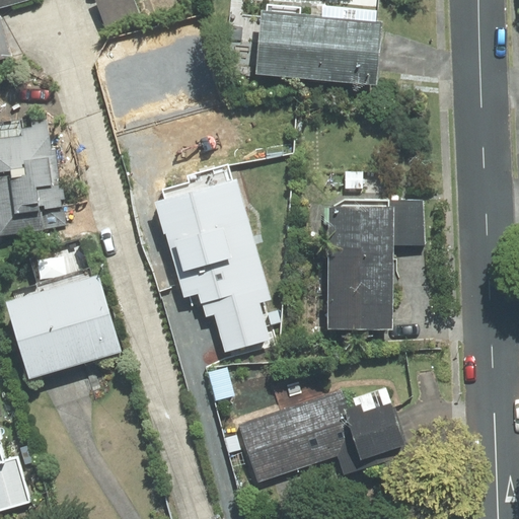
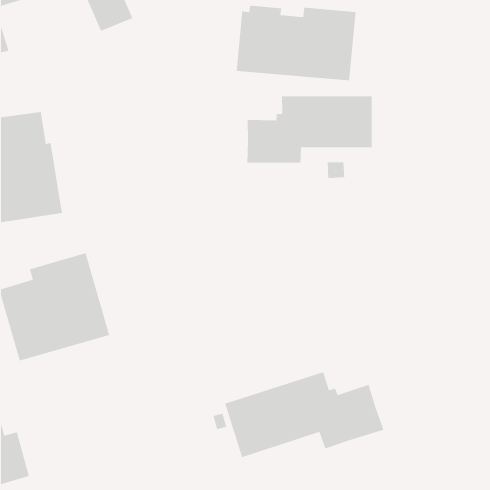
building: none -> [246,96,373,164]
building: [143,178,272,338] -> none
building: [326,201,424,328] -> none

